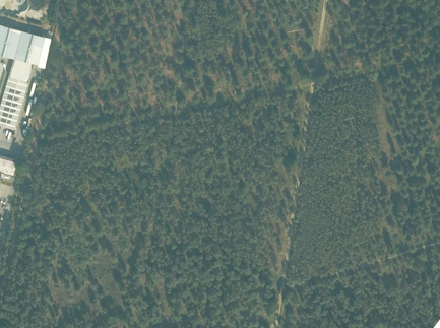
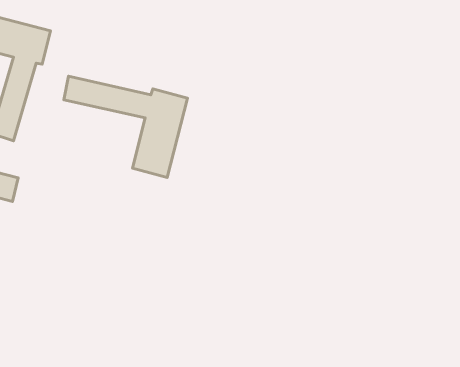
building: none -> [64,76,188,177]

